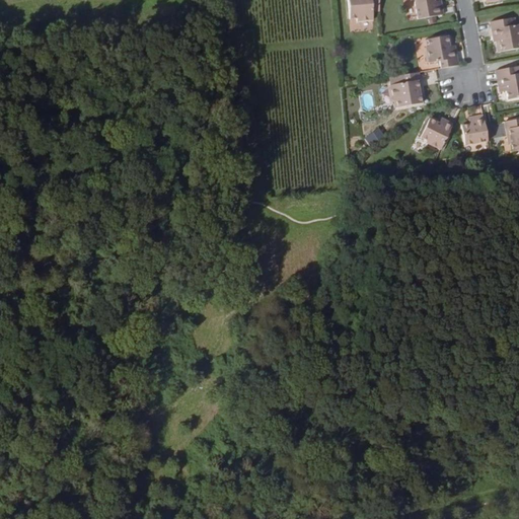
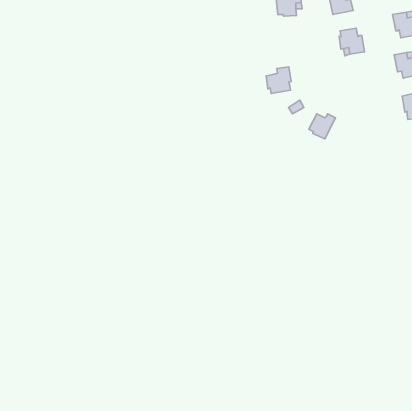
building: [391,72,423,105] -> [266,67,291,94]
building: [462,114,489,144] -> none
building: [420,118,453,149] -> [309,114,335,139]

